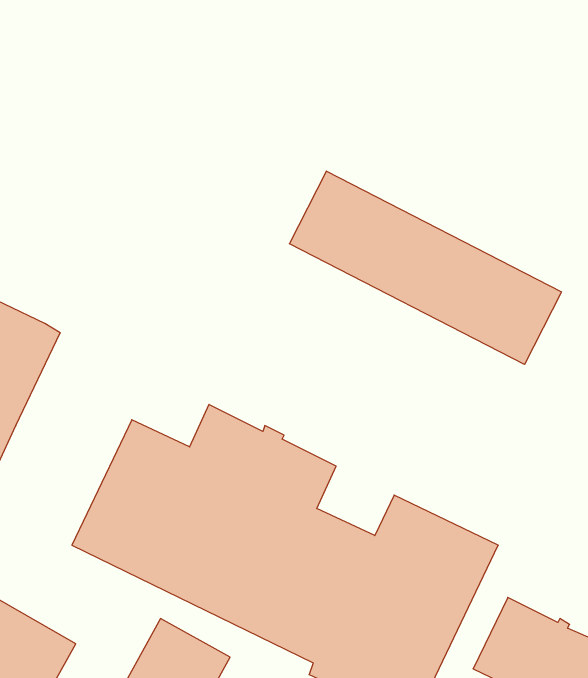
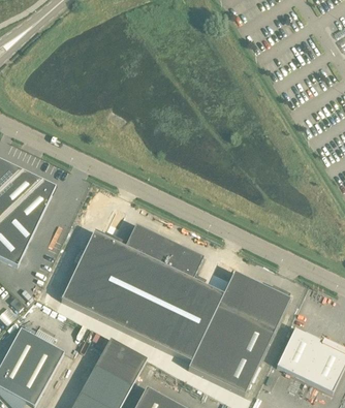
building: [289,171,561,364] -> none

